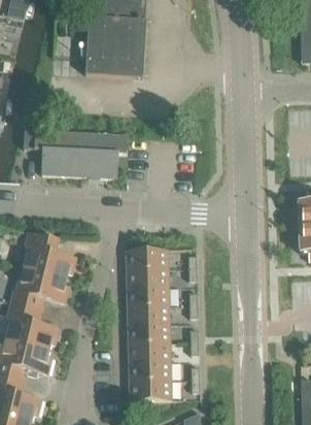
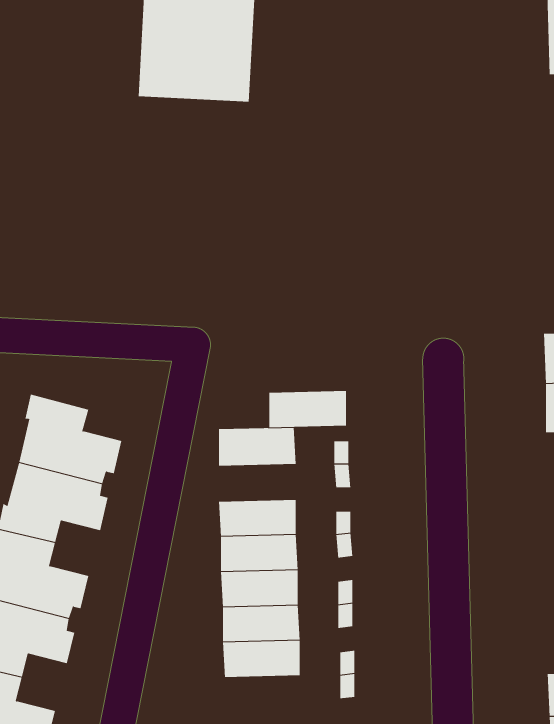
building: [35,130,129,177] -> none
building: [128,268,169,288] -> [269,390,347,428]
building: [131,380,172,400] -> none

